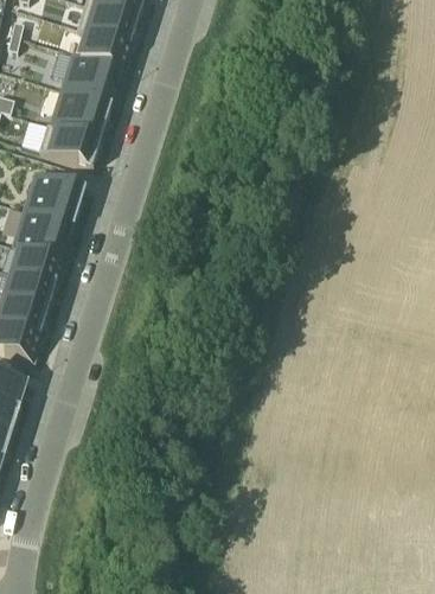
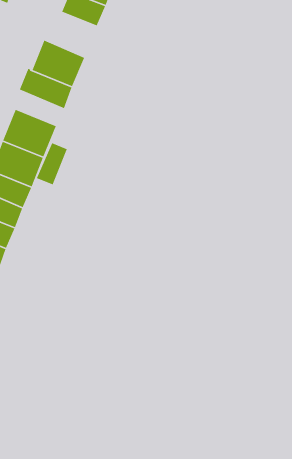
building: [62,52,122,106] -> none
building: none -> [36,142,68,186]

